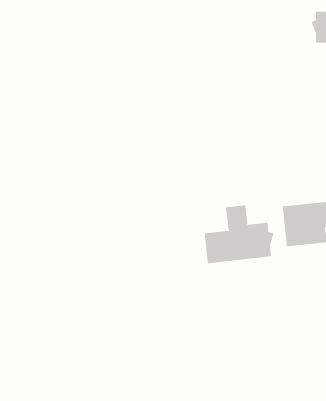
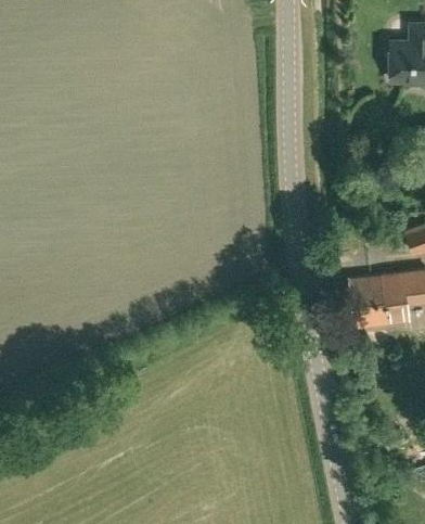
building: [204,205,275,264] -> none

